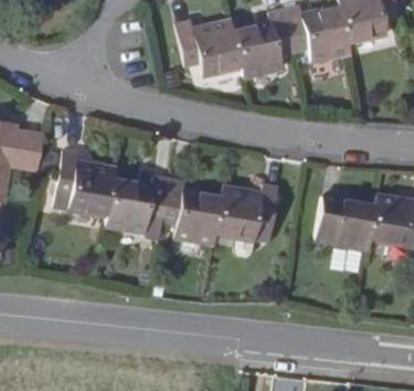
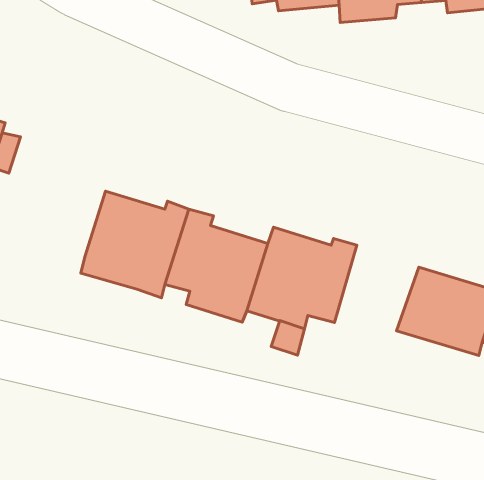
building: [53,166,115,235] -> none

